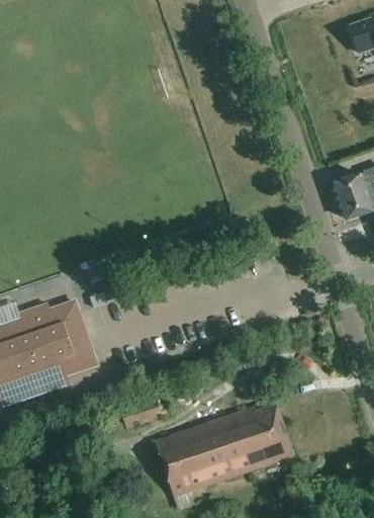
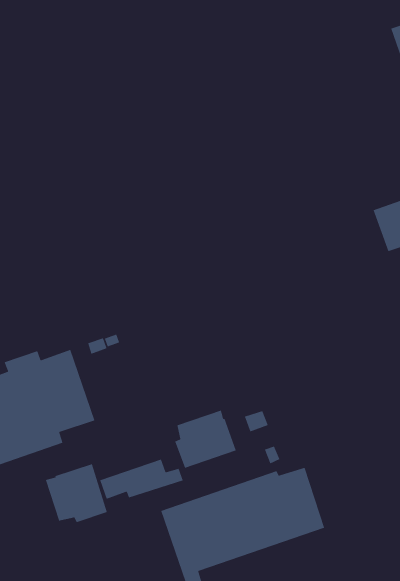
building: none -> [174,410,237,469]
building: none -> [45,463,108,523]

